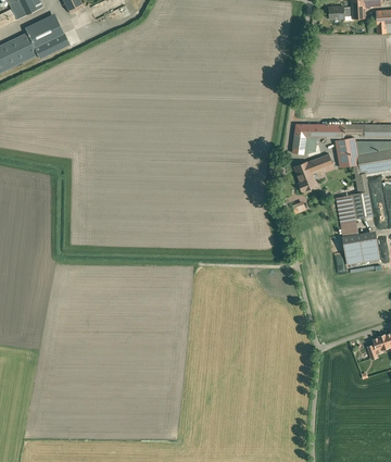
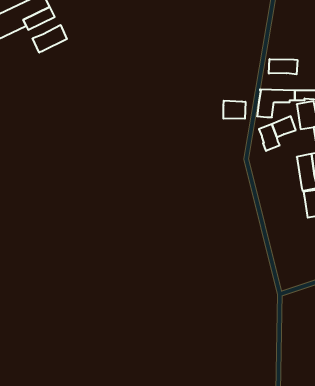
building: none -> [33,25,67,53]
building: none -> [269,59,297,74]
building: none -> [223,101,245,119]

